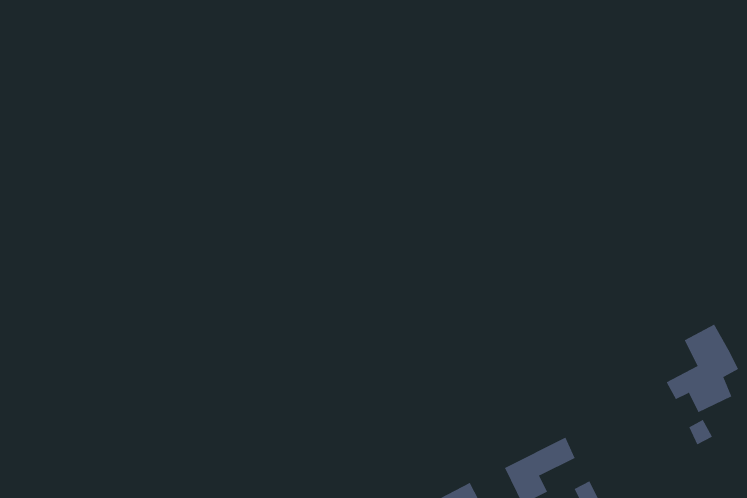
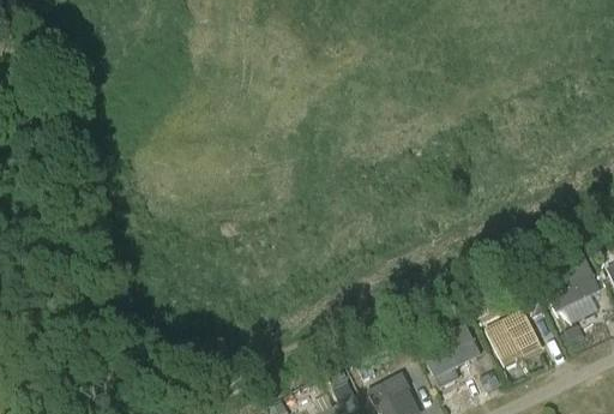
building: none -> [484,311,535,367]

